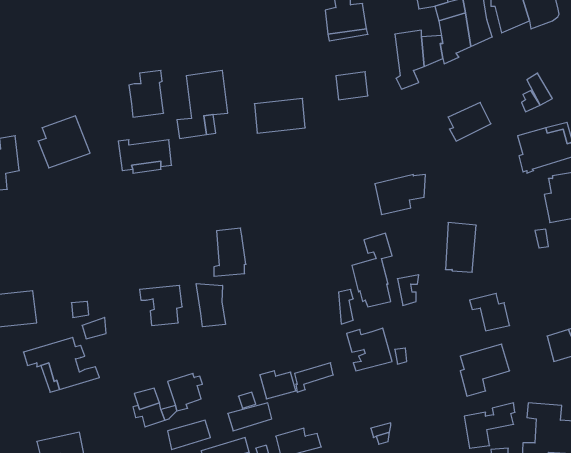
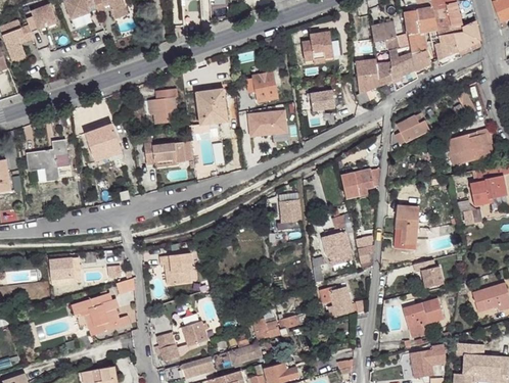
building: none -> [251,73,277,101]
building: [214,228,246,276] -> [276,193,300,230]
building: [196,284,225,327] -> none

